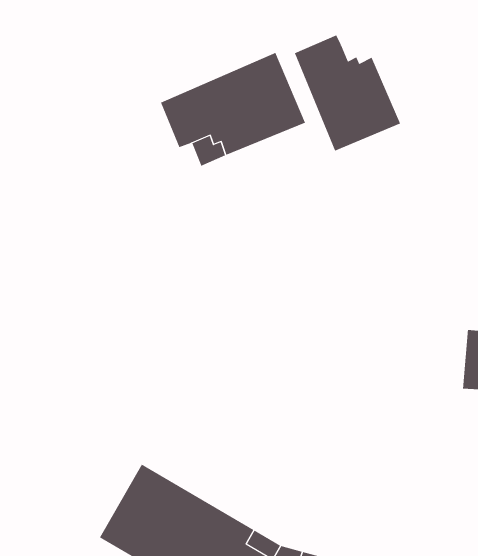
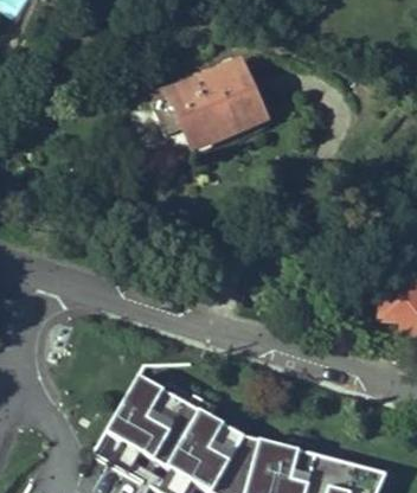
building: [294,35,401,152] -> none

